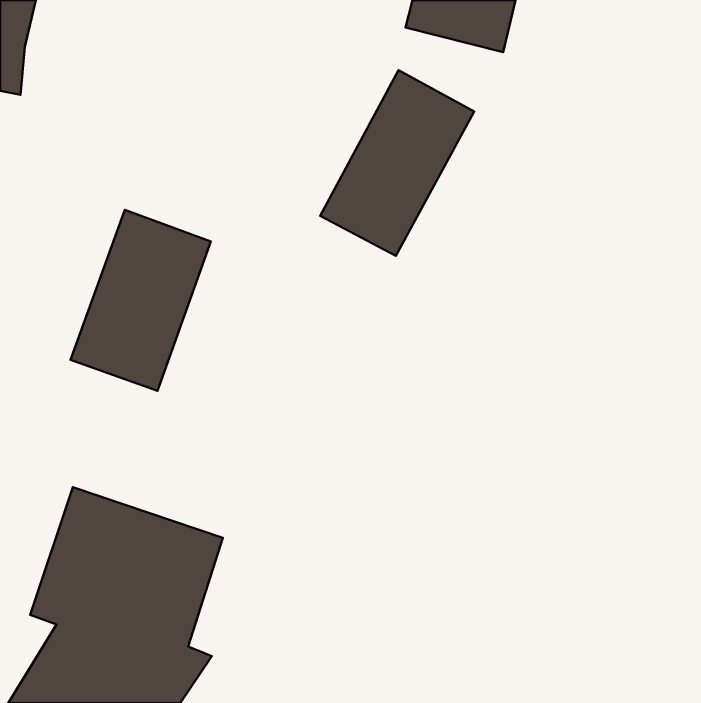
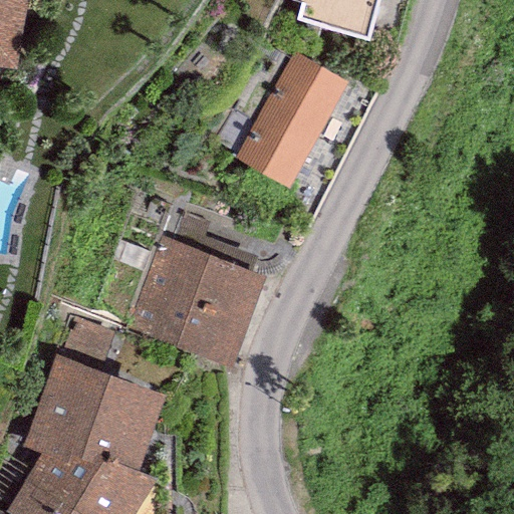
building: [71,210,211,391] -> none
building: none -> [127,237,266,366]

